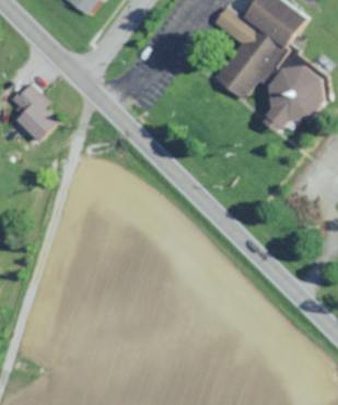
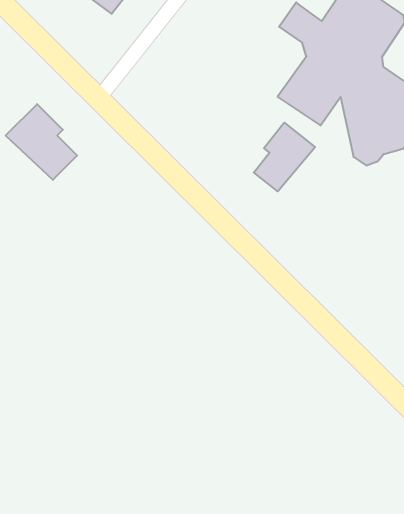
building: none -> [254,123,315,191]

